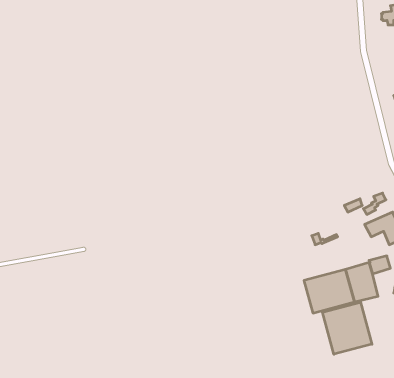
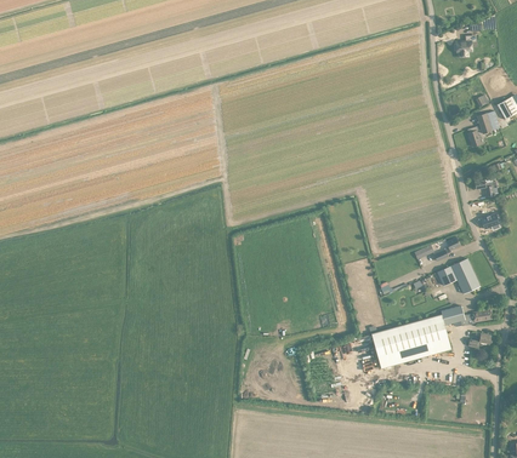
building: [323,302,372,354] -> none

